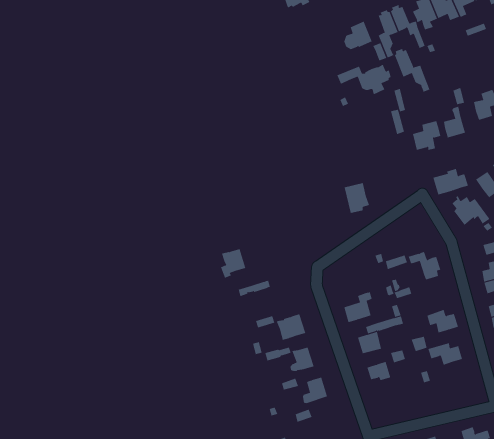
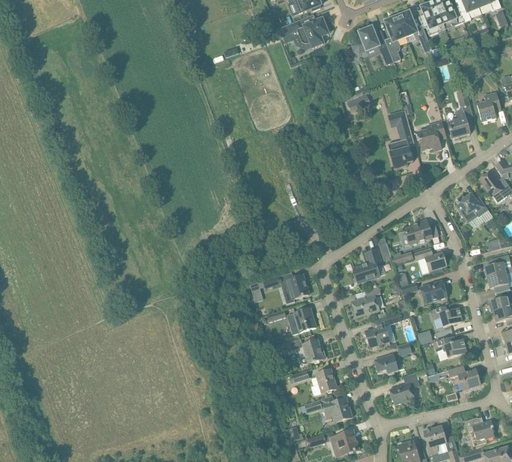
building: [394,48,430,93] -> none
building: [337,64,392,95] -> [277,17,330,47]
building: [433,168,469,195] -> [404,218,439,244]
building: [343,182,370,213] -> [387,138,413,168]
building: [220,248,246,278] -> [284,274,309,303]
building: none -> [354,249,382,282]
building: none -> [420,279,447,303]
building: none -> [448,364,480,389]
building: none -> [390,372,420,404]
building: none -> [322,397,352,421]

